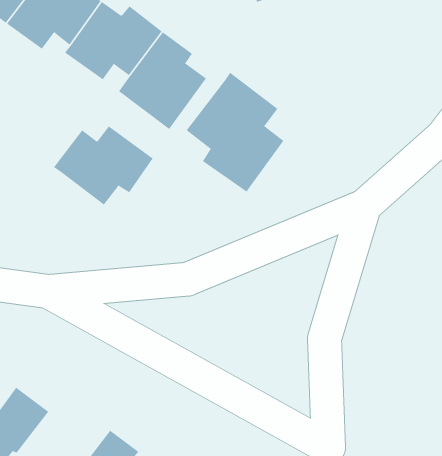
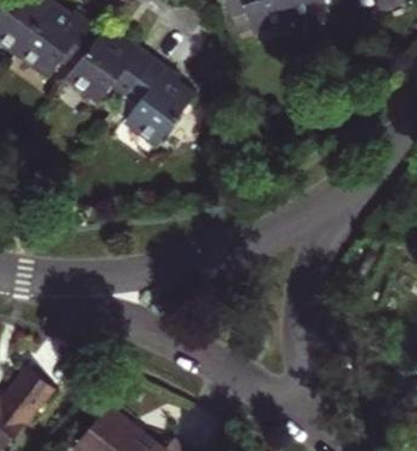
building: [186,72,284,192] -> none
building: [53,126,153,205] -> none

